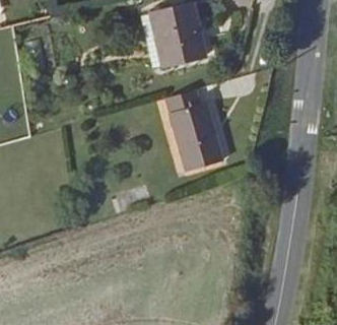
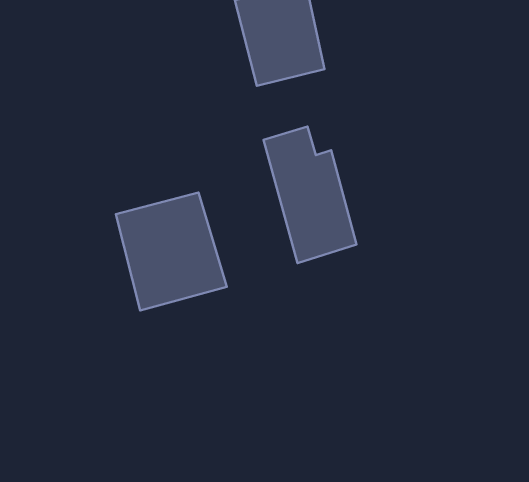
building: none -> [116,192,227,310]

